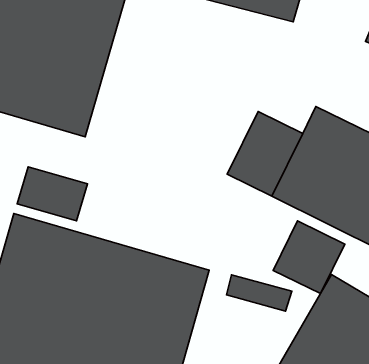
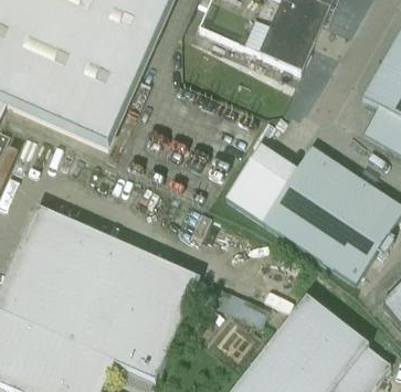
building: [17,167,87,221] -> none
building: [273,221,345,294] -> none

